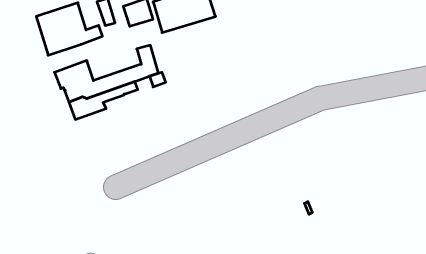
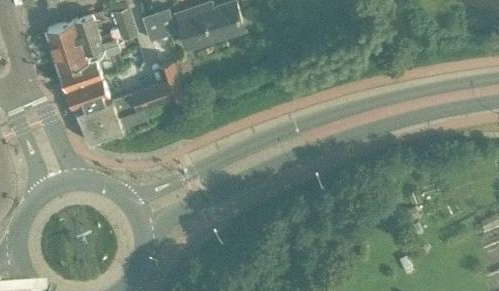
building: none -> [59,56,102,87]

